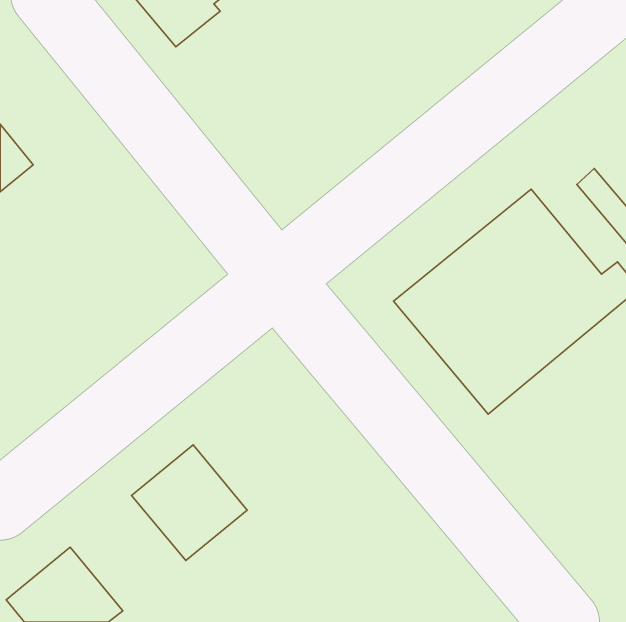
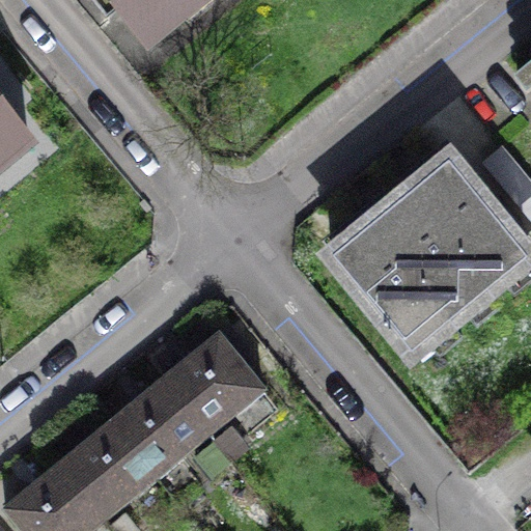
building: none -> [165,331,263,430]
building: none -> [61,418,159,515]

